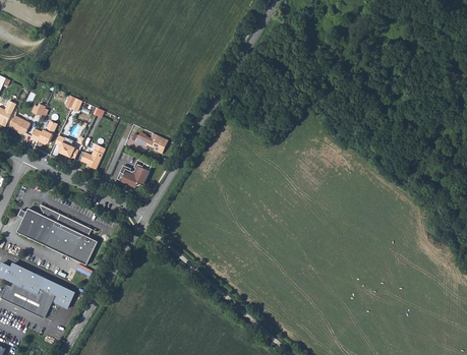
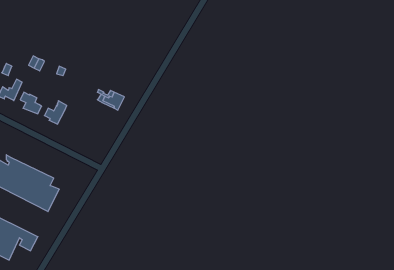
building: [116,159,150,186] -> none

